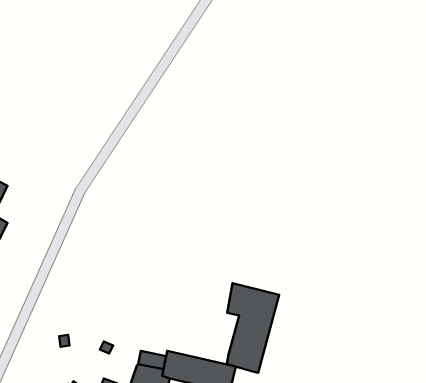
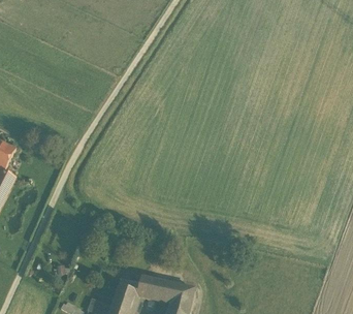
building: [227,283,279,373] -> none

